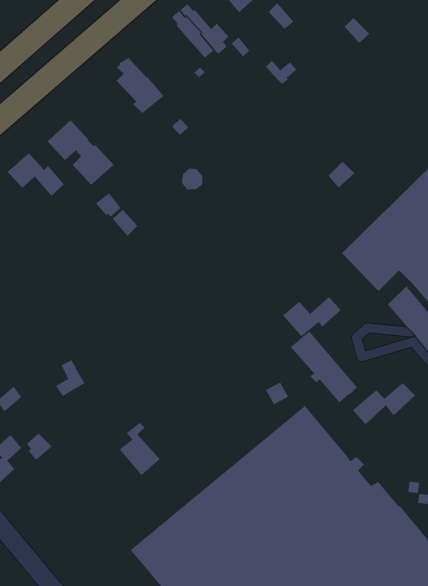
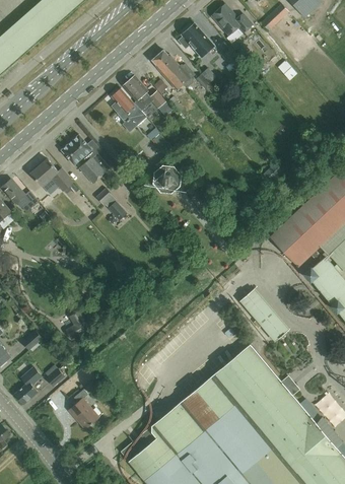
building: none -> [124,76,165,112]
building: [282,296,341,337] -> none
building: [352,382,416,425] -> none
building: [119,422,160,476] -> [69,391,99,430]

